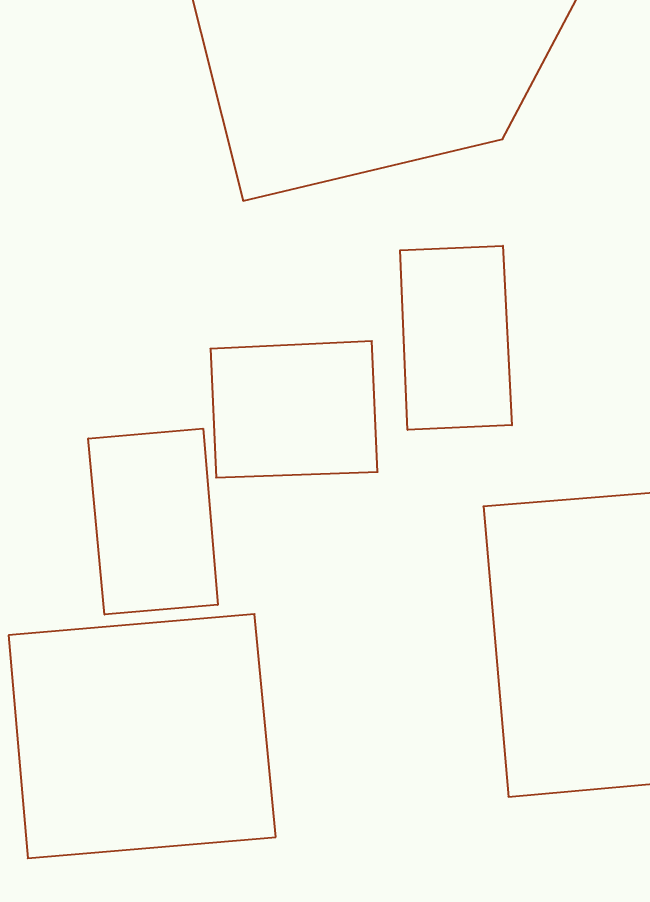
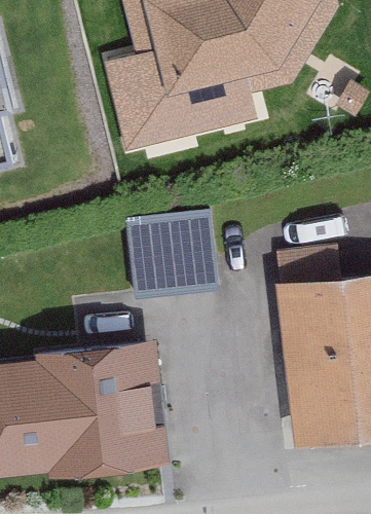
building: [400,246,512,430] -> none
building: [88,429,218,615] -> none

